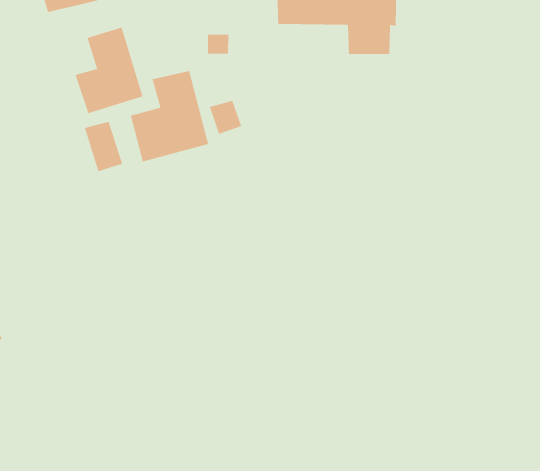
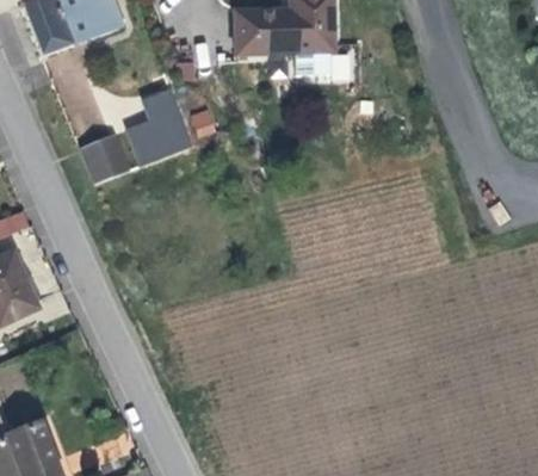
building: [75,26,143,114] -> none

